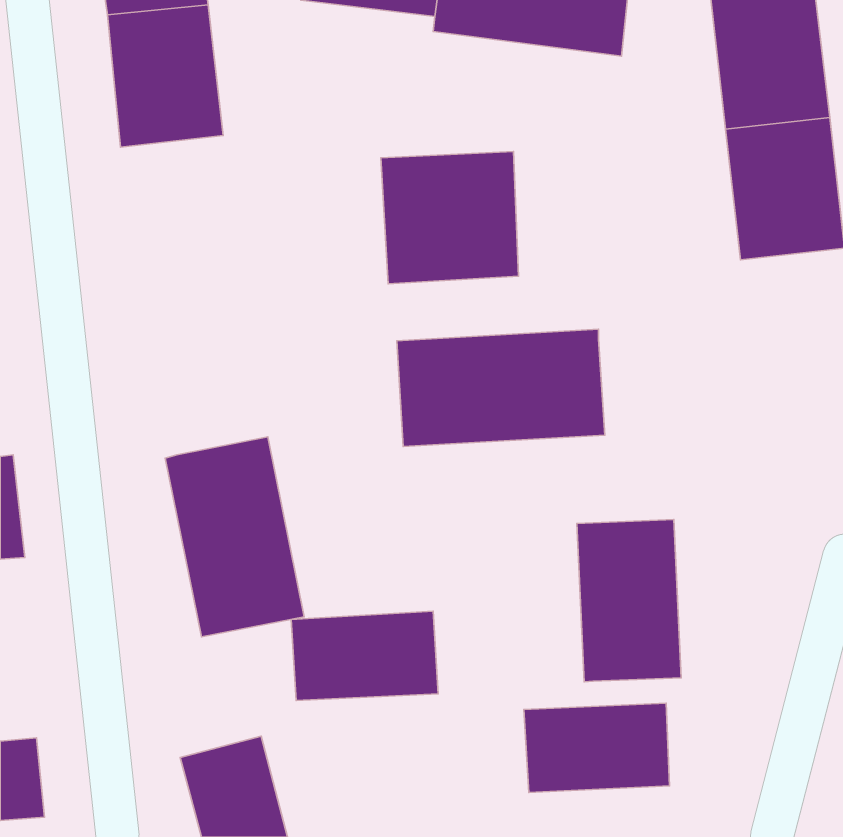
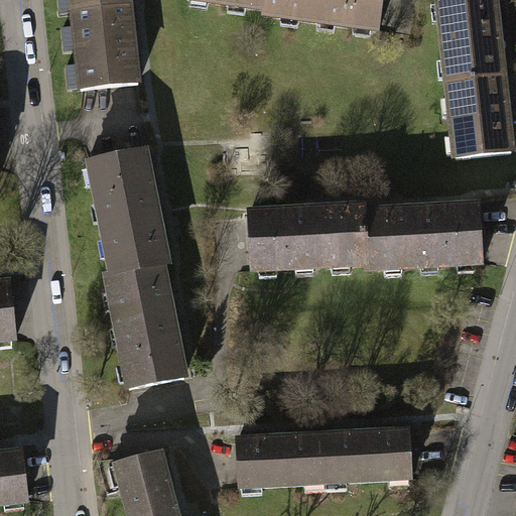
building: [381,152,518,284] -> none
building: none -> [85,148,171,277]
building: none -> [366,200,483,270]
building: [577,520,681,682] -> none
building: [291,611,438,701] -> [234,432,324,487]

